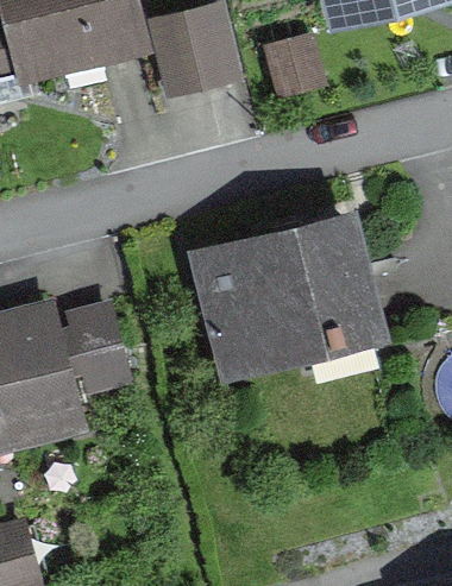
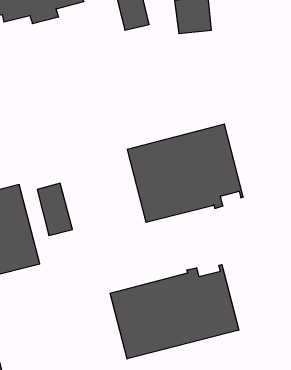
building: none -> [110,265,239,359]

